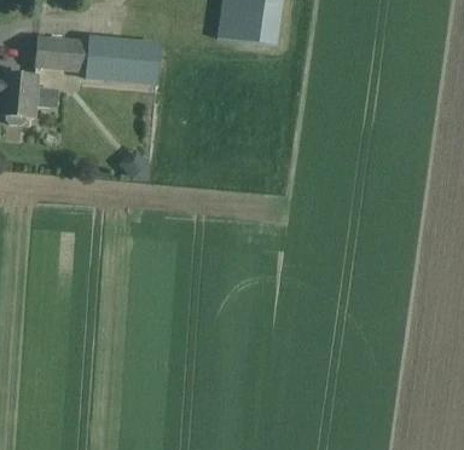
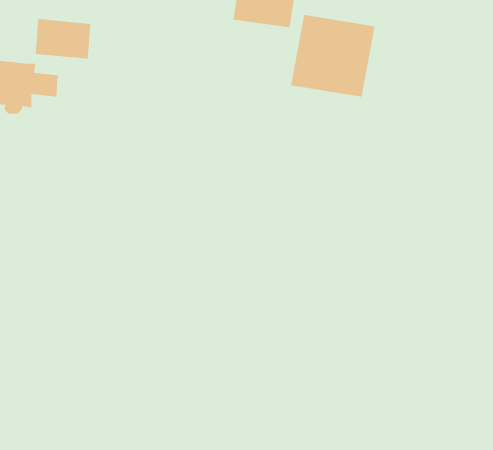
building: none -> [290,14,375,97]
building: [85,36,160,85] -> none

